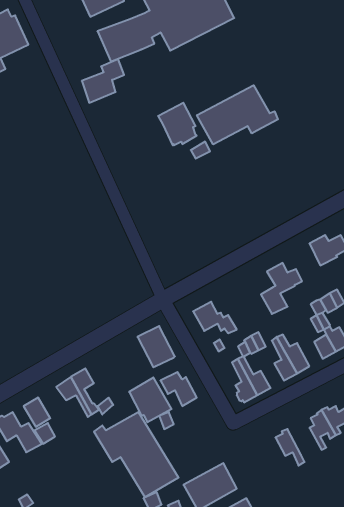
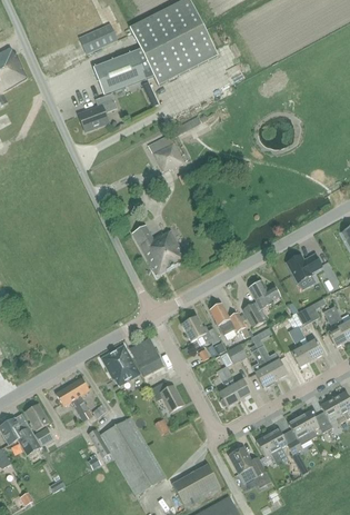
building: [197,85,278,144] -> none
building: none -> [131,224,187,276]
building: none -> [209,301,246,338]
building: [129,377,172,422] -> [101,344,140,385]
building: none -> [267,427,298,462]
building: none -> [228,445,266,481]

